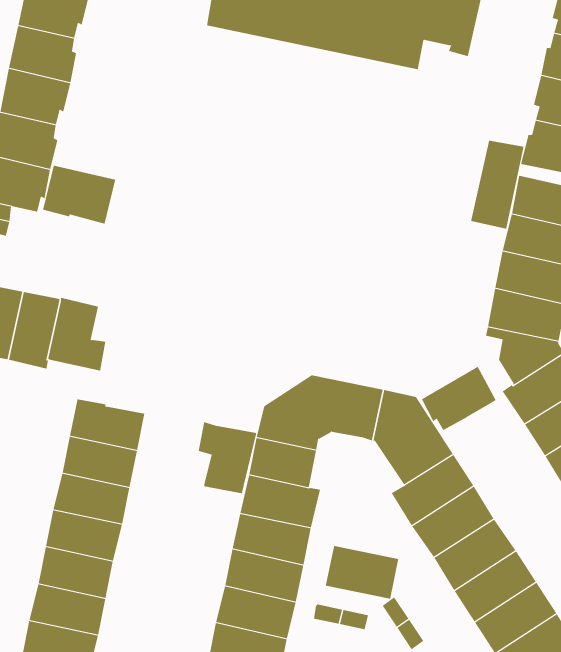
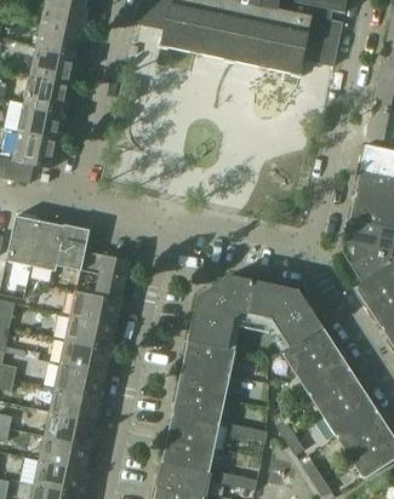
building: [470,140,524,229] -> none
building: [43,165,116,224] -> none
building: [421,366,497,431] -> none
building: [198,422,257,494] -> [91,253,130,300]
building: [325,545,399,599] -> none

